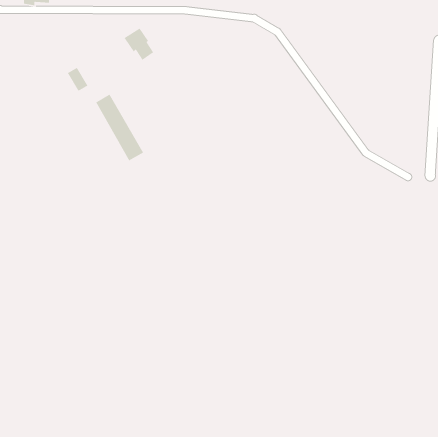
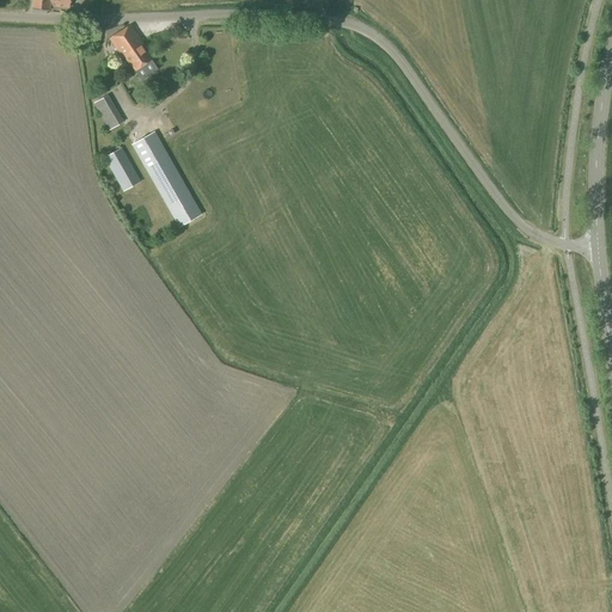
building: [123,27,154,61] -> [109,23,152,69]
building: none -> [105,146,141,189]

